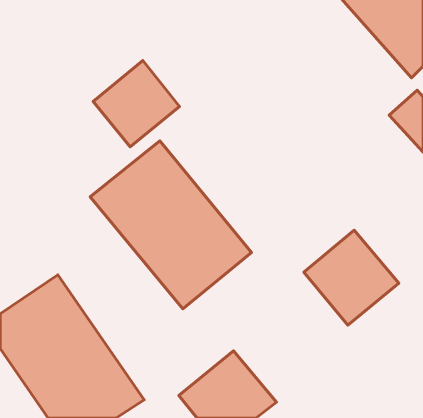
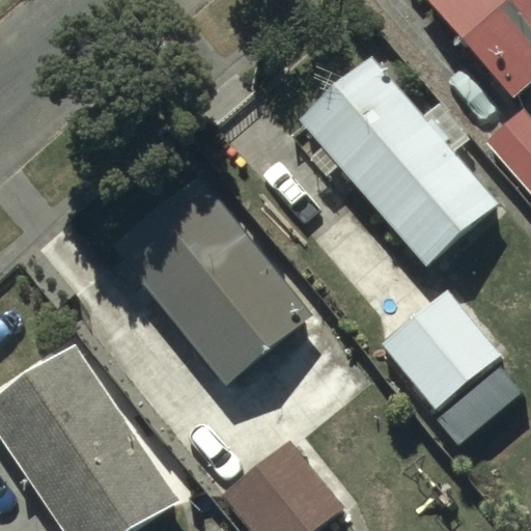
building: none -> [299,57,500,269]
building: [93,61,180,147] -> none

